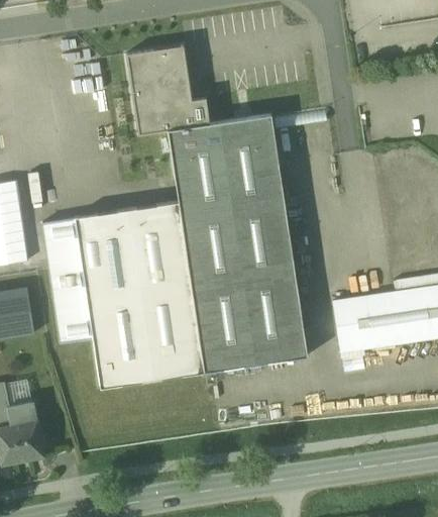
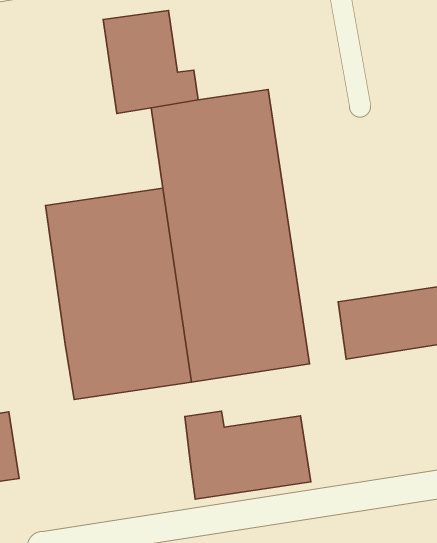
building: [43,217,93,344] -> none
building: none -> [185,411,311,499]

